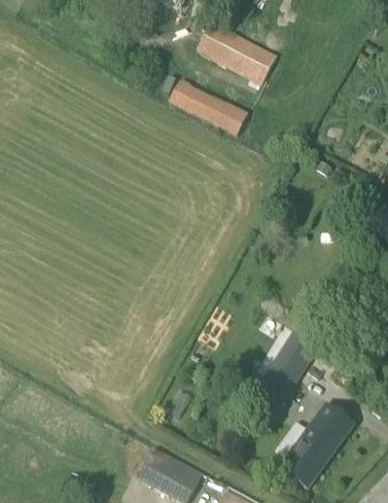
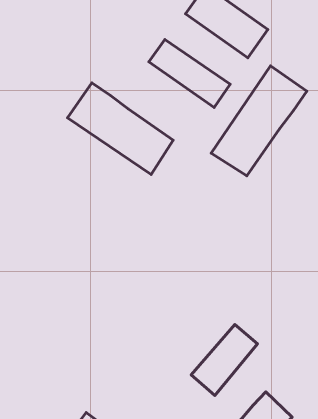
building: none -> [211,66,307,176]
building: none -> [68,83,173,175]

